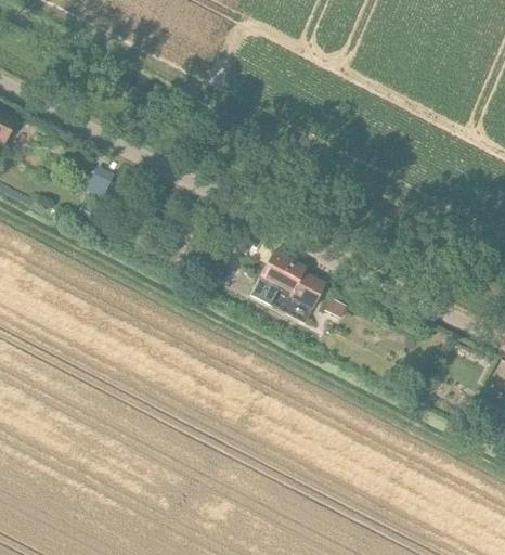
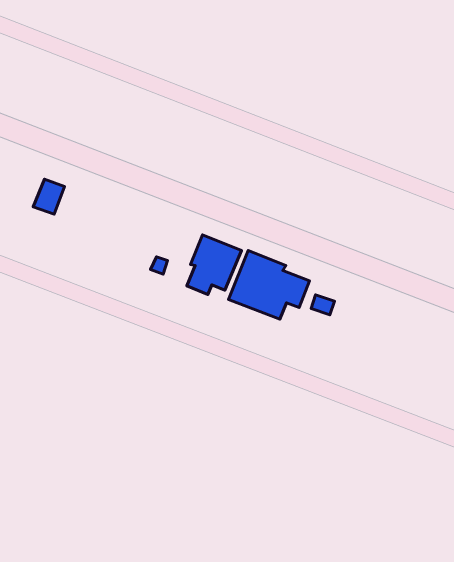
building: none -> [187,235,241,294]

